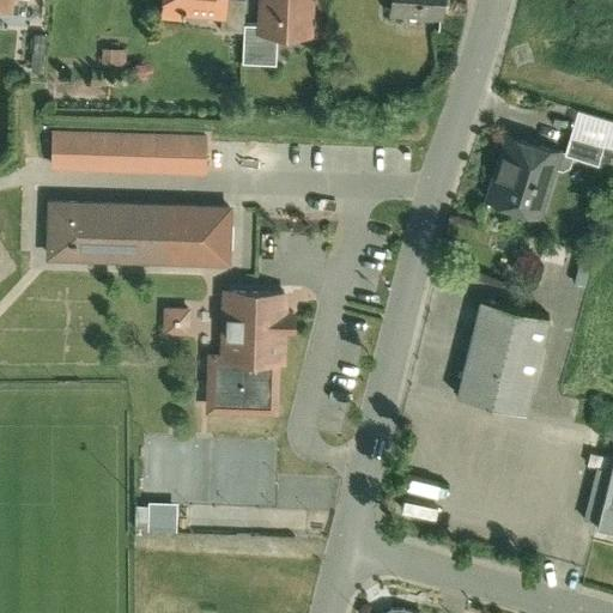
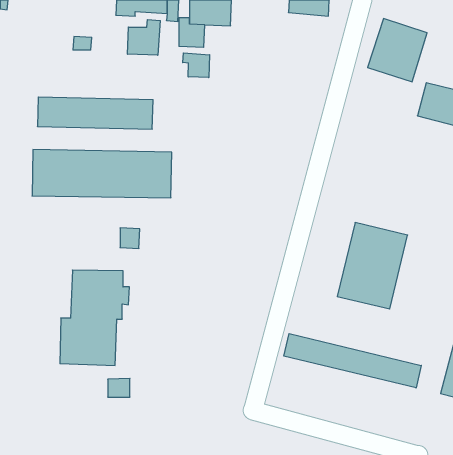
building: none -> [128,20,160,55]
building: none -> [183,53,210,78]
building: [482,132,563,217] -> [368,19,427,82]
building: [206,290,299,418] -> [60,270,129,365]
building: none -> [284,334,421,388]

